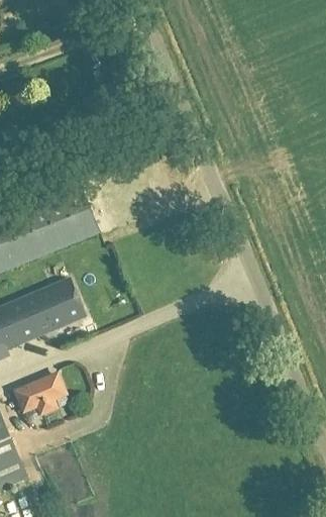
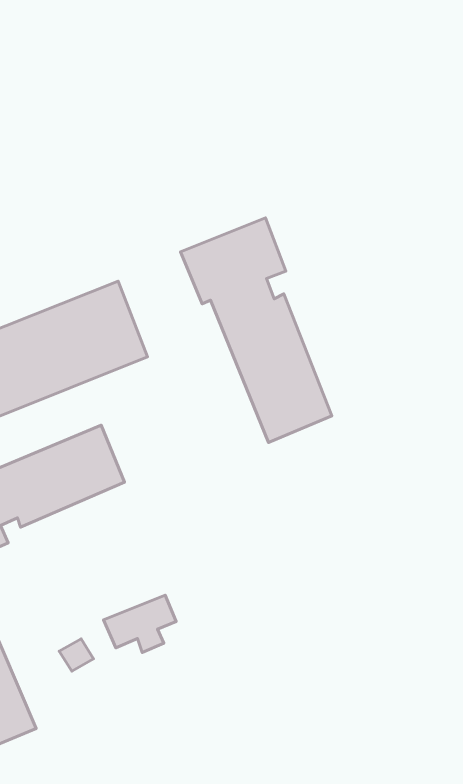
building: none -> [181,218,332,442]
building: [16,375,64,412] -> [103,595,176,652]

